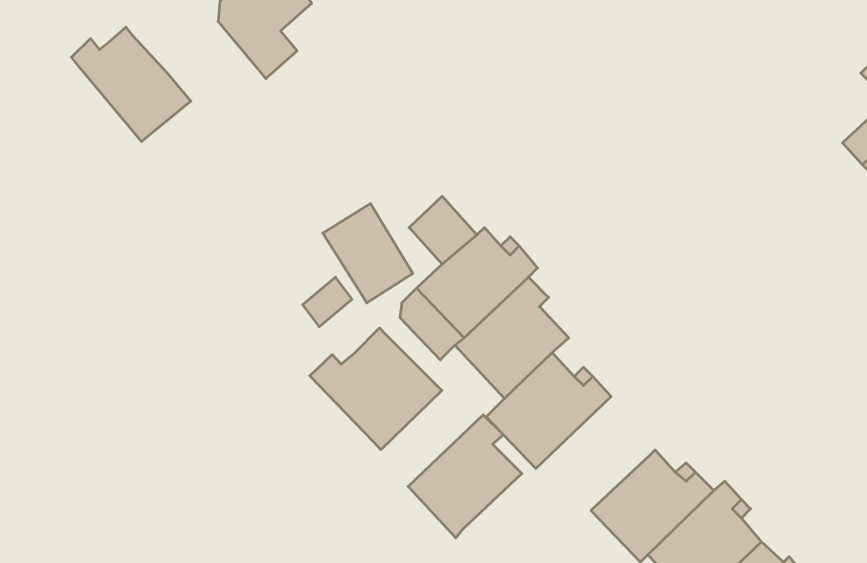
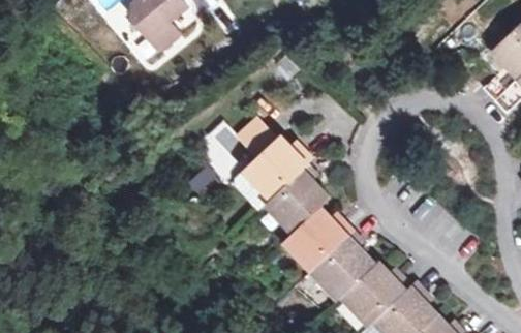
building: [71,27,191,142] -> none
building: [310,328,442,450] -> none
building: [408,415,522,538] -> [310,231,374,300]

